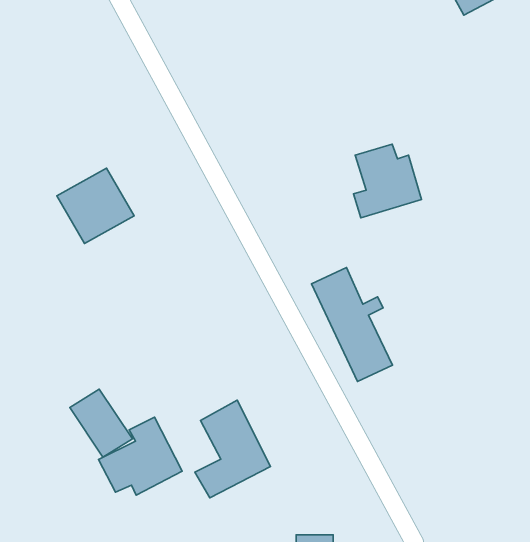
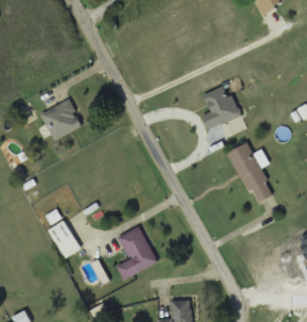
building: [311,267,392,382] -> [228,141,273,204]
building: [99,417,182,495] -> none

